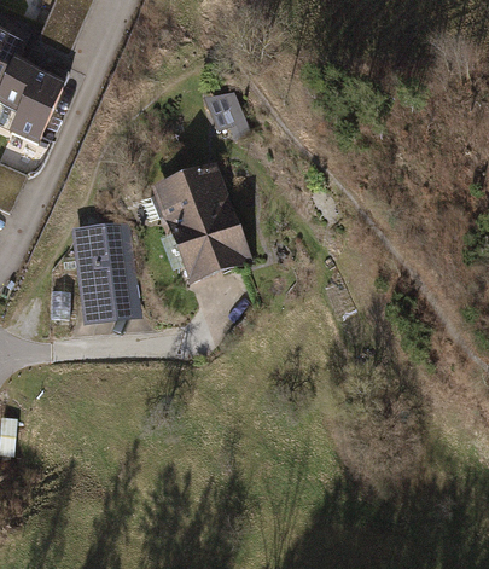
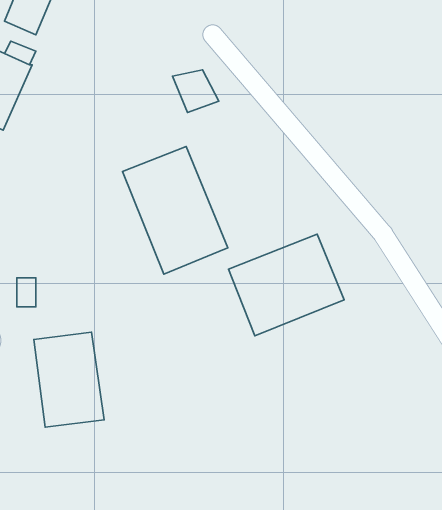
building: [71,221,139,313] -> [34,332,104,427]
building: none -> [229,234,344,336]

